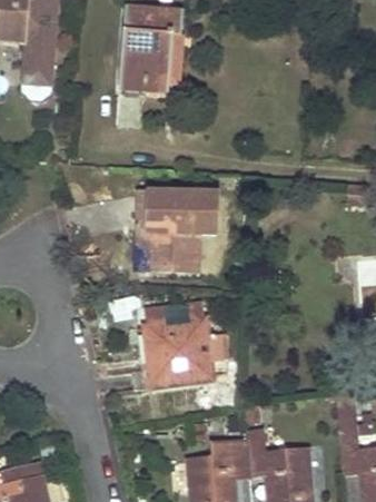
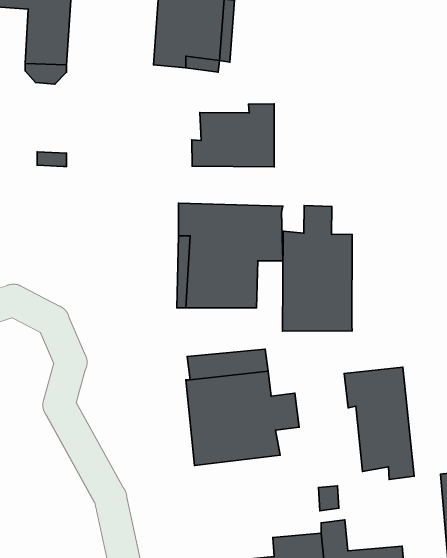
building: none -> [192,104,274,167]
building: none -> [282,206,352,331]
building: none -> [344,367,414,479]

